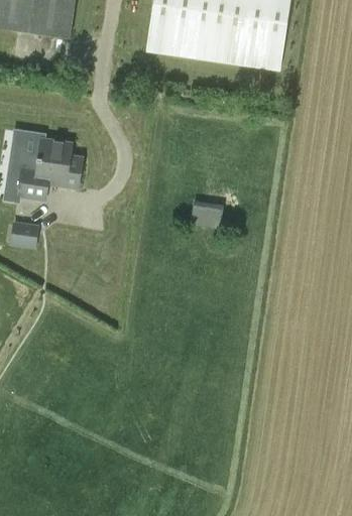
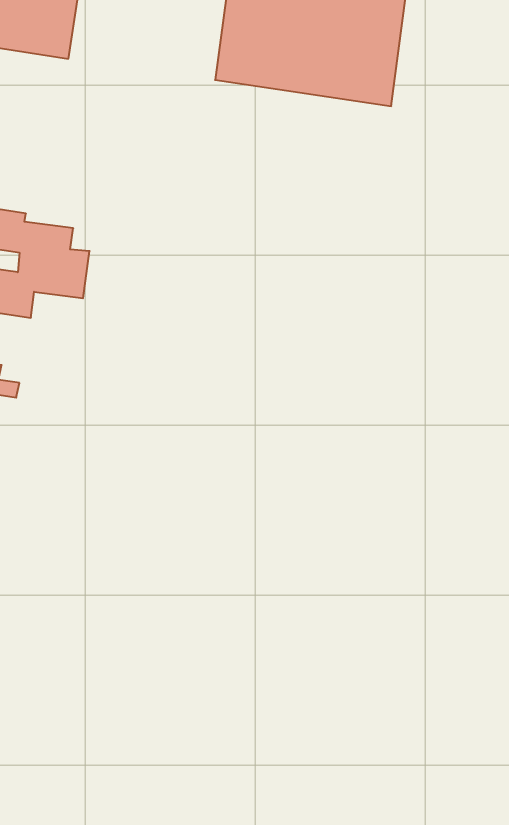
building: [190,202,223,229] -> none

